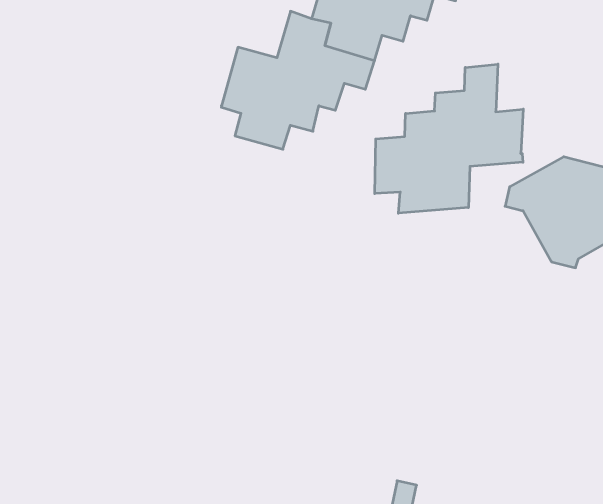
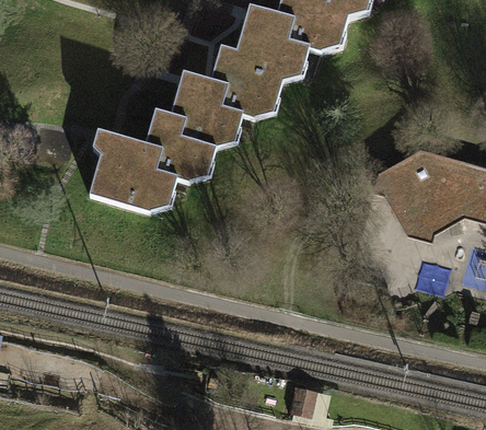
building: [375,64,523,213] -> none
building: none -> [88,112,215,212]

